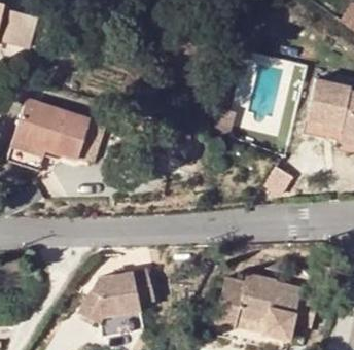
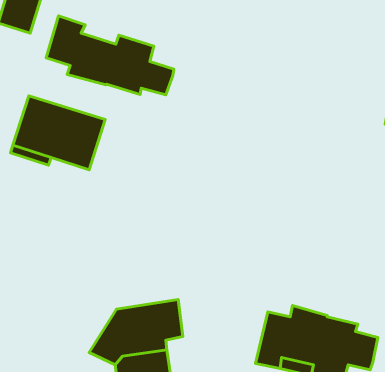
building: none -> [46,16,174,95]

